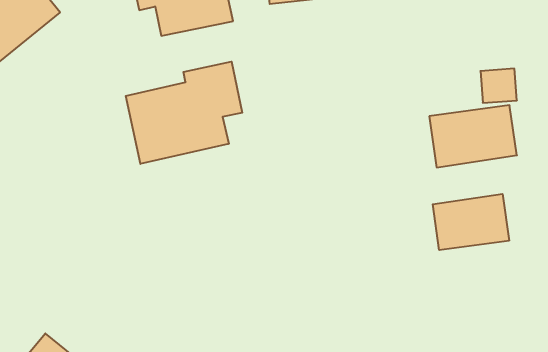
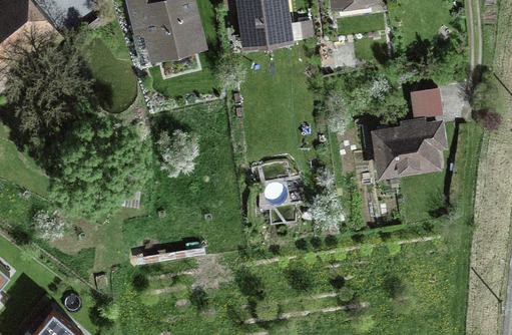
building: [126,62,242,164] -> none
building: [433,194,509,250] -> none

